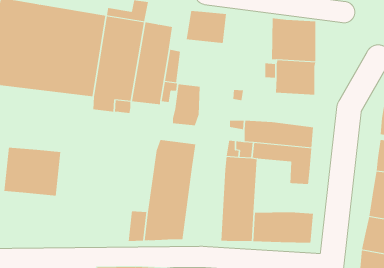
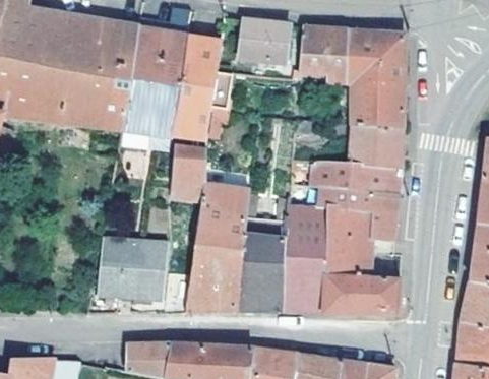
building: none -> [297,26,346,82]
building: [172,84,200,126] -> [170,144,205,197]
building: none -> [347,124,401,168]
building: [3,147,61,196] -> [95,237,168,299]
building: none -> [323,207,370,275]
building: none -> [234,217,286,311]

